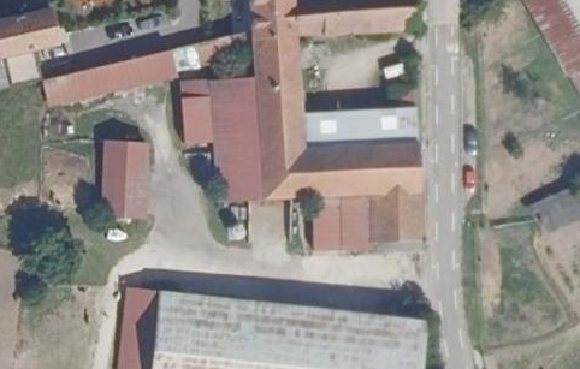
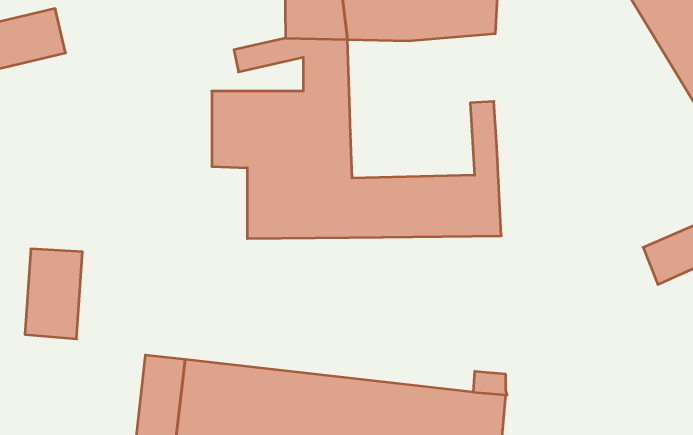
building: [40,50,167,102] -> none
building: [296,108,397,147] -> none
building: [103,147,150,220] -> [25,249,82,339]
building: [322,194,420,240] -> none

